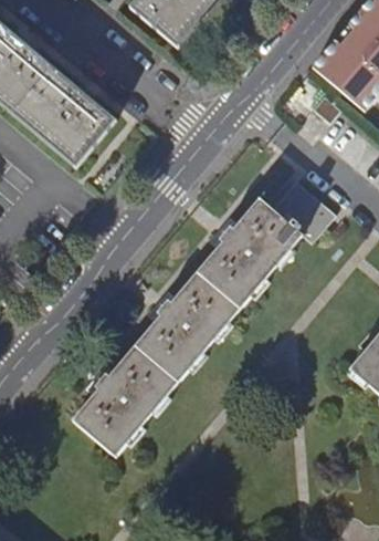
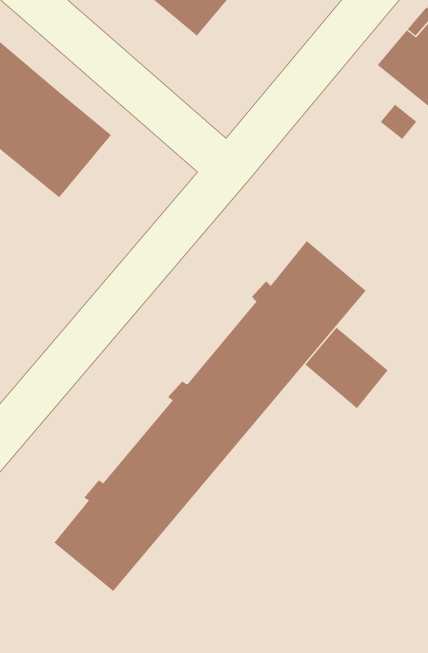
building: [274,180,336,241] -> [305,327,389,409]

